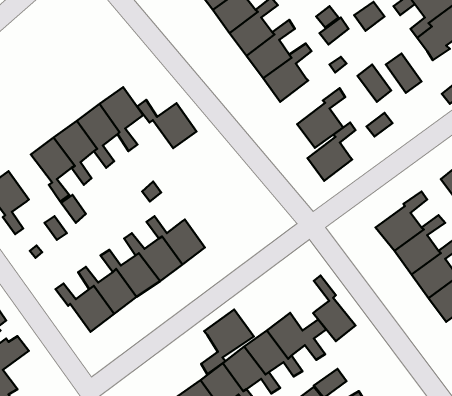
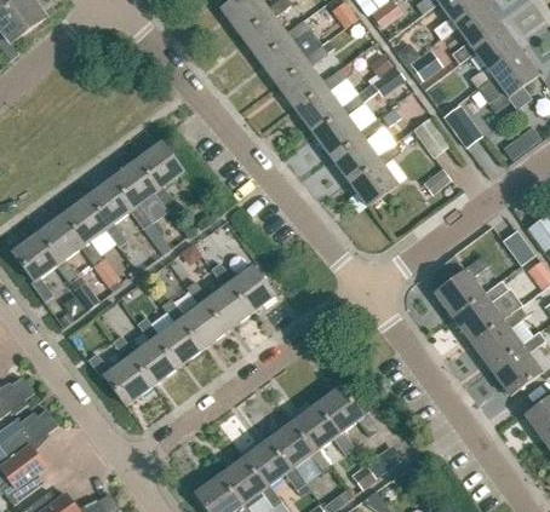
building: [137,100,197,148] -> [210,263,274,315]
building: [307,122,356,181] -> [330,119,382,182]
building: none -> [36,214,84,282]
building: [313,275,356,341] -> none
building: [201,309,254,374] -> none

